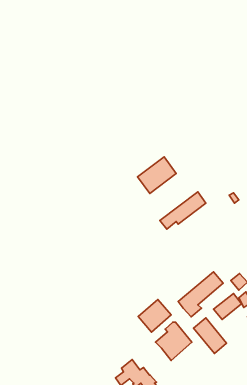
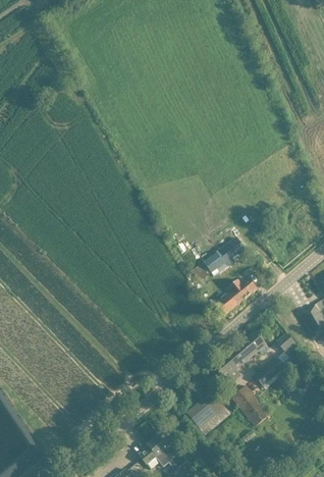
building: [138,157,176,194] -> none
building: none -> [216,279,258,316]
building: [138,299,171,332] -> none

